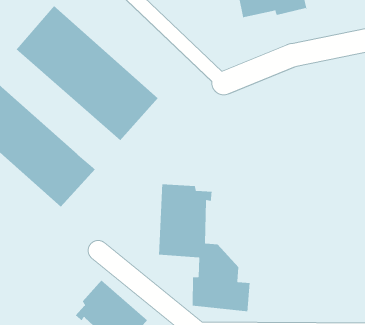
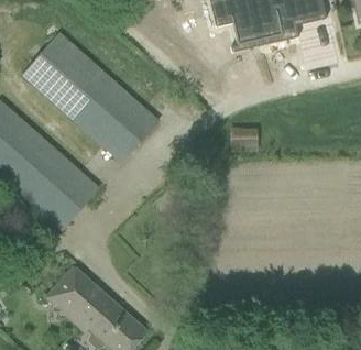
building: [158,183,251,312] -> none
building: none -> [46,266,105,327]

